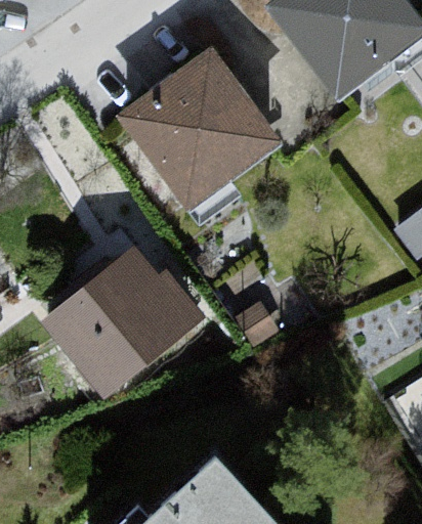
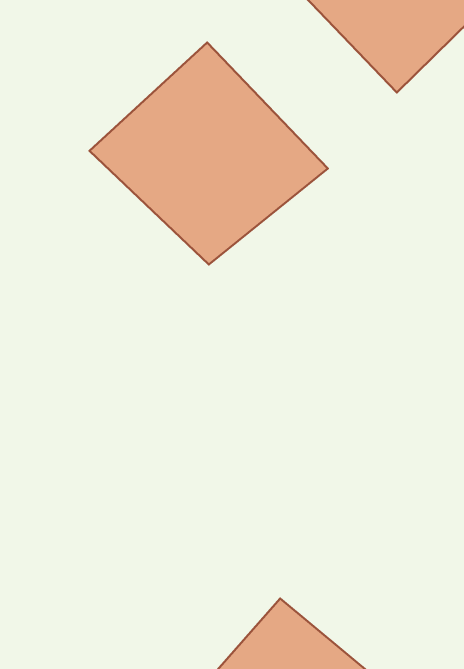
building: [46,244,201,407] -> none

